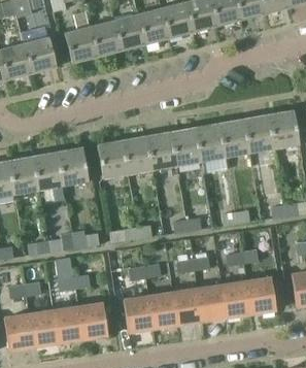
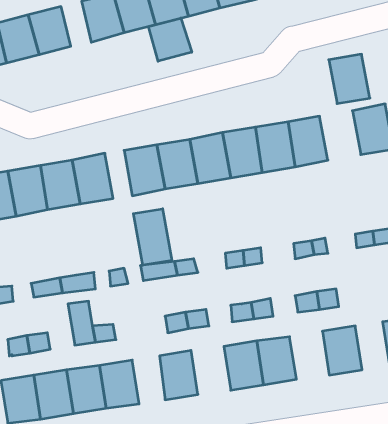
building: none -> [148,18,192,61]
building: [244,114,275,152] -> [329,54,370,104]
building: none -> [133,209,172,265]
building: [222,280,251,316] -> none
building: [147,292,177,328] -> none

